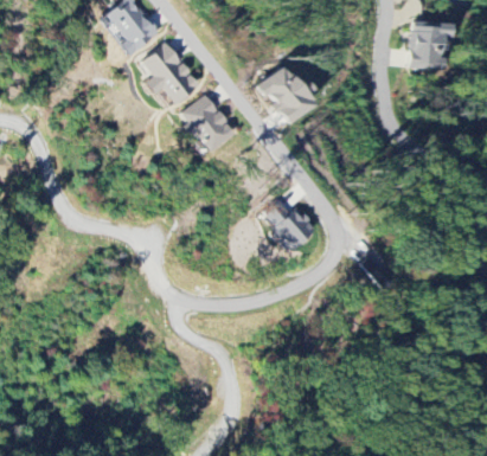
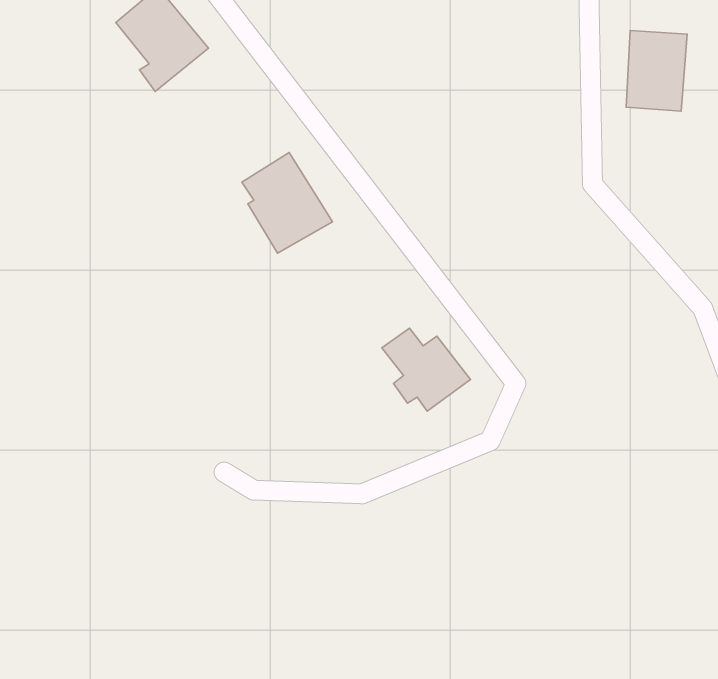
building: [140,41,199,108] -> none
building: [258,68,313,124] -> none

